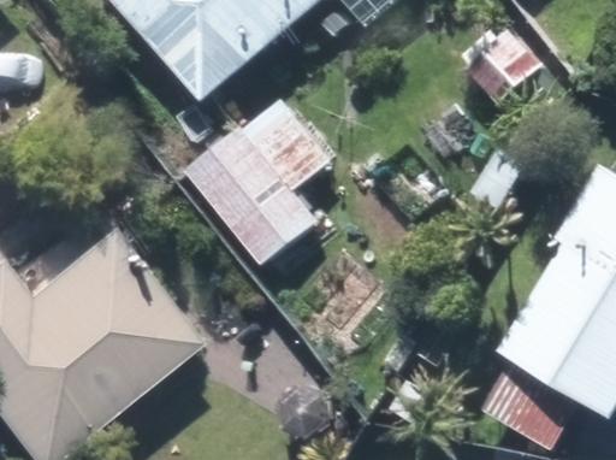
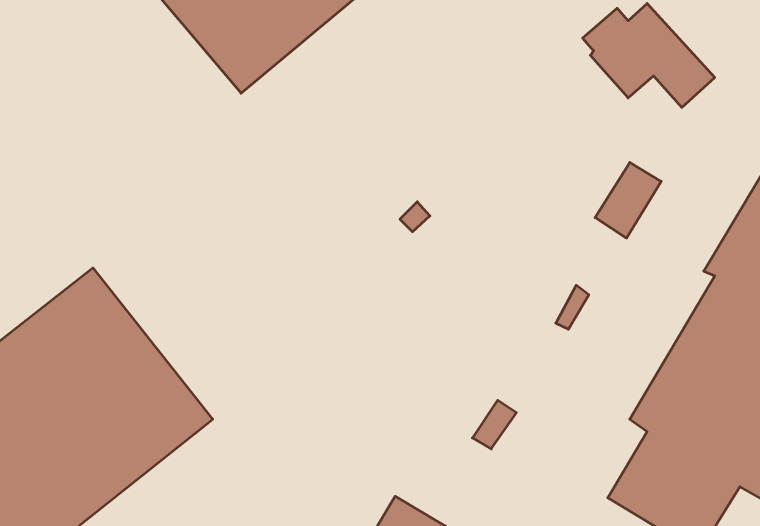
building: [190,123,334,263] -> none

